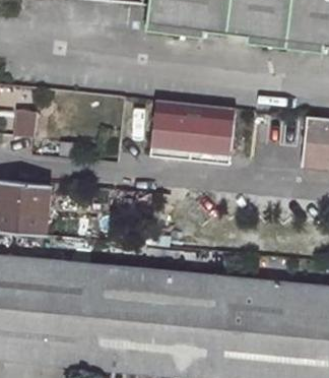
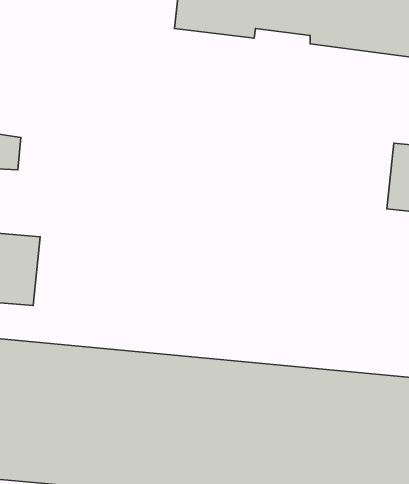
building: [152,100,237,164] -> none

